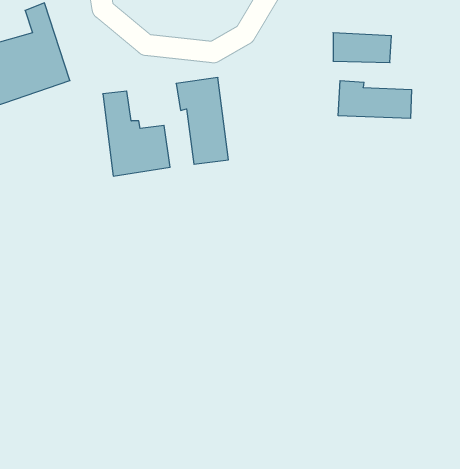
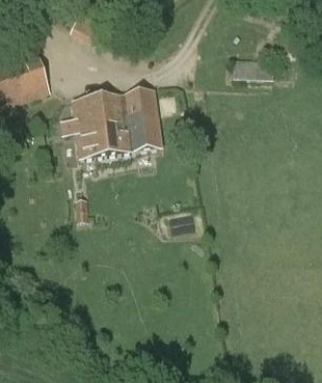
building: [338,81,412,118] -> none
building: none -> [89,93,136,152]

